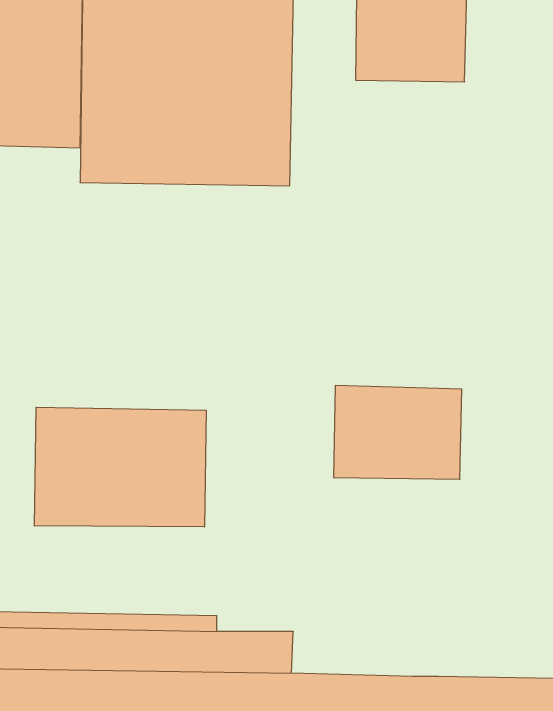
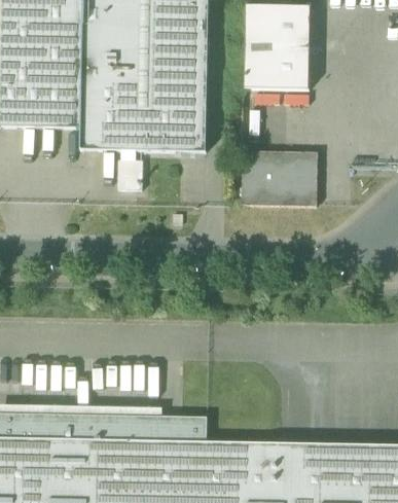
building: [334,386,462,479] -> [242,152,318,208]
building: [34,407,206,527] -> none

